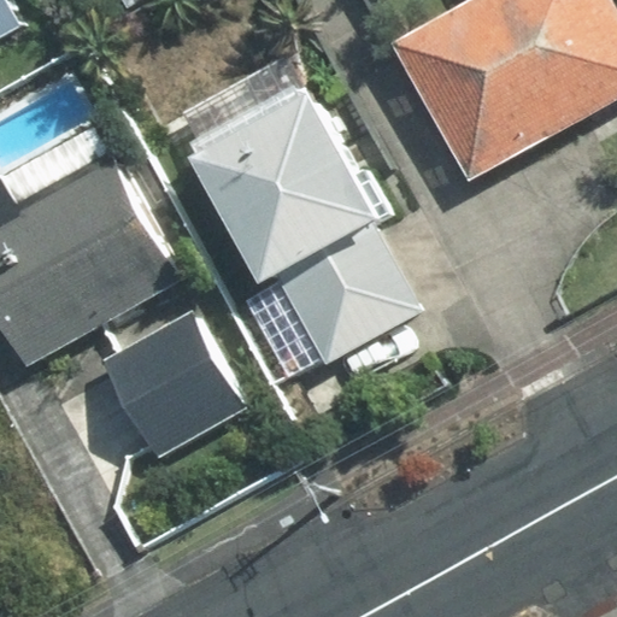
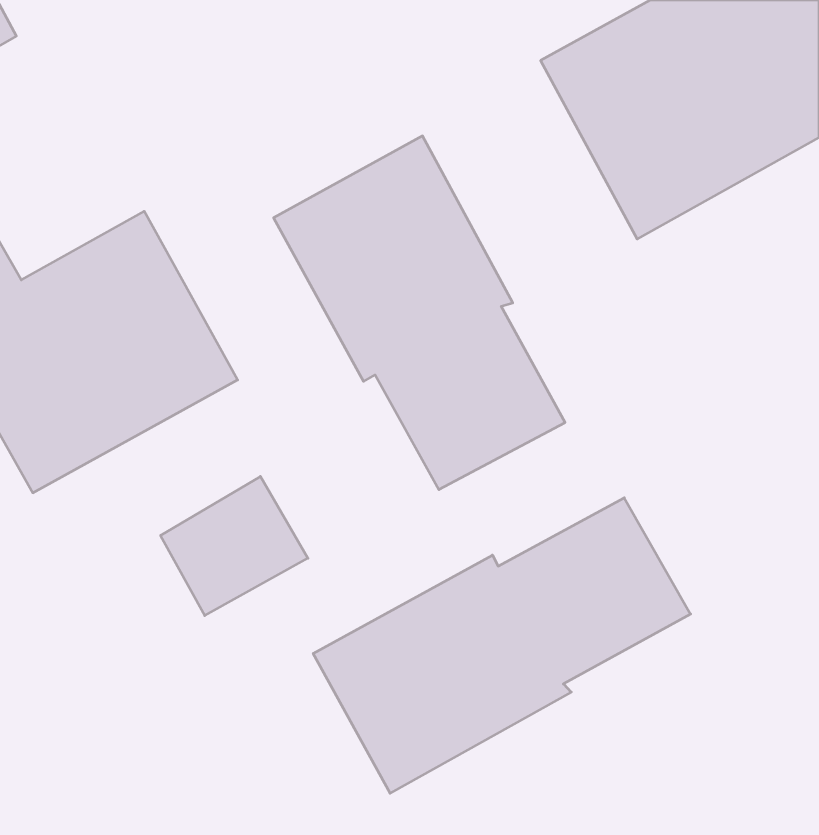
building: none -> [313,498,691,793]

